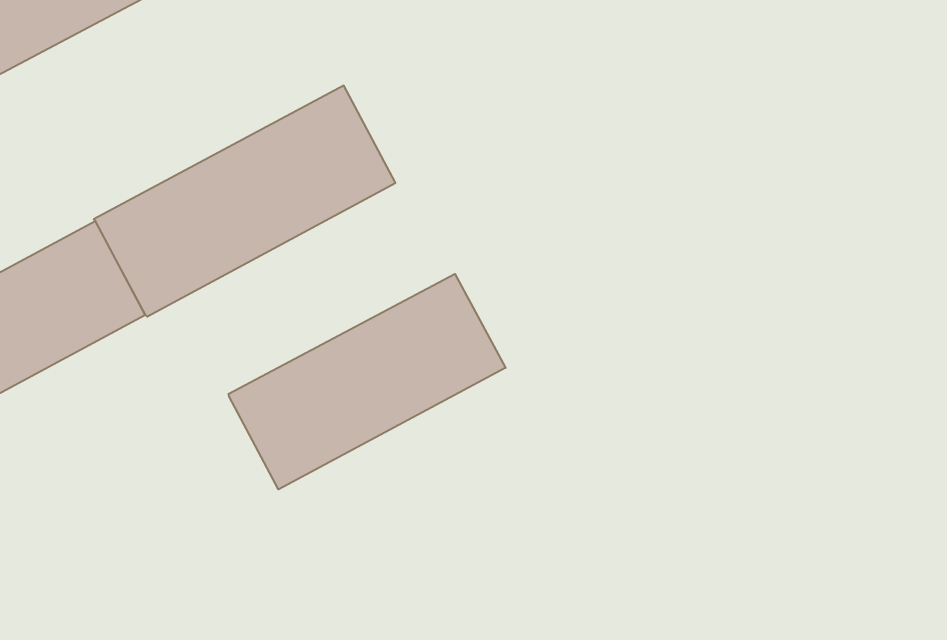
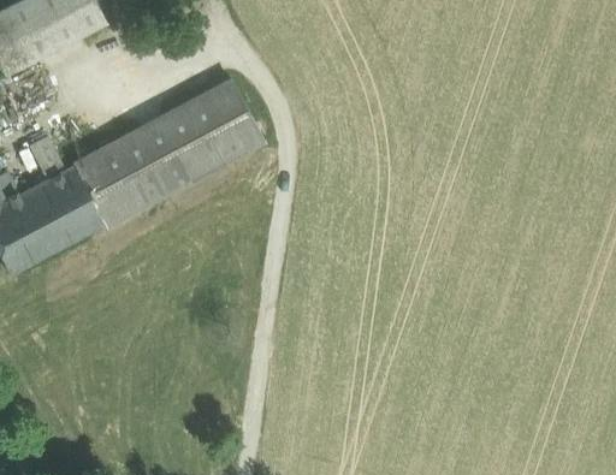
building: [229,274,506,489] -> none

